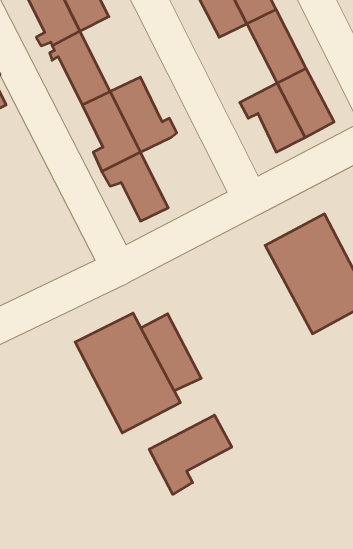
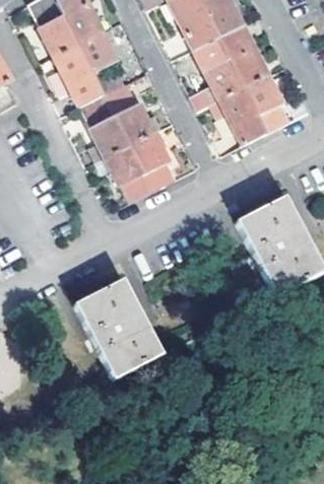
building: none -> [79,26,130,92]
building: none -> [193,36,245,109]
building: none -> [130,131,179,190]
building: [141,314,201,391] -> none
building: [149,415,232,494] -> none

